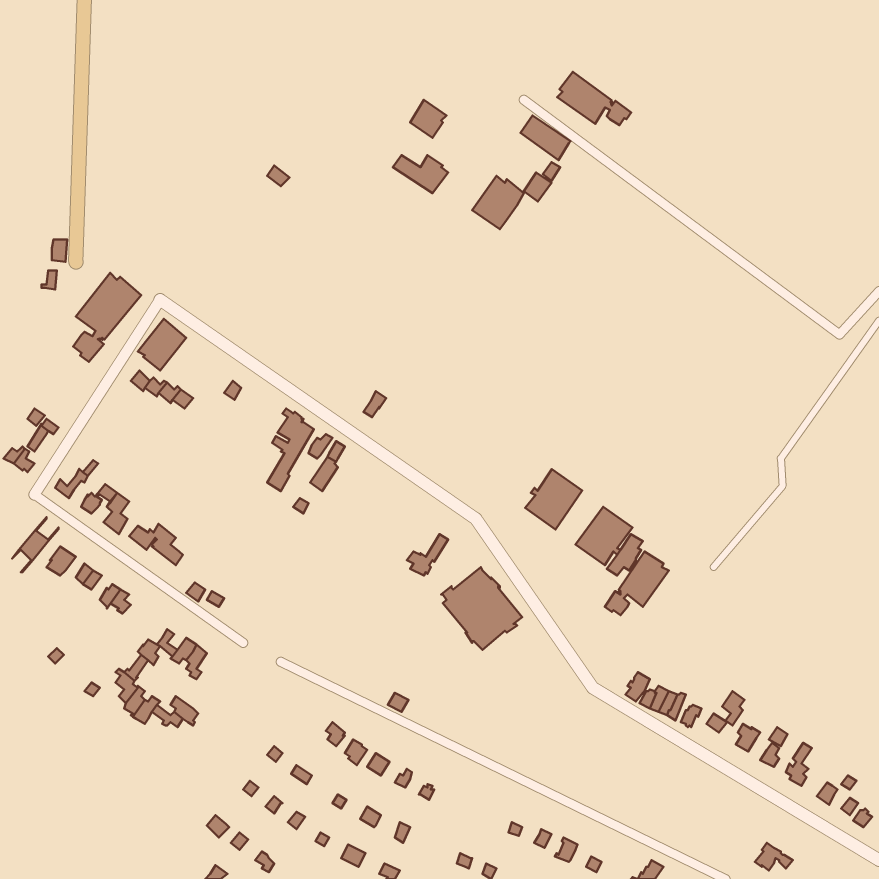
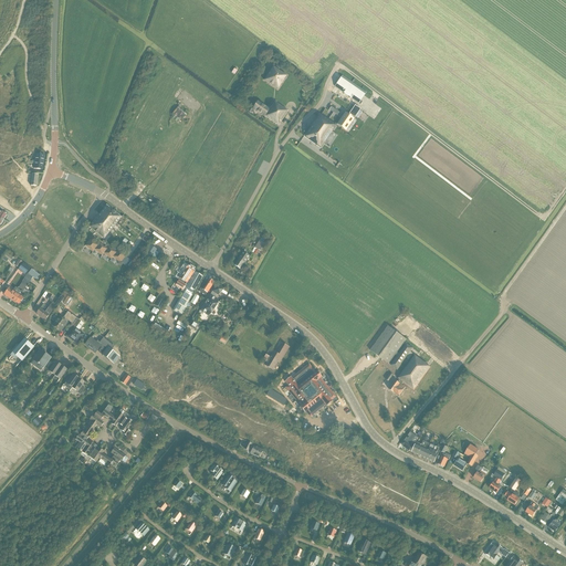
building: [557,72,631,125] -> none
building: [73,273,141,362] -> none
building: [525,469,582,529] -> none

